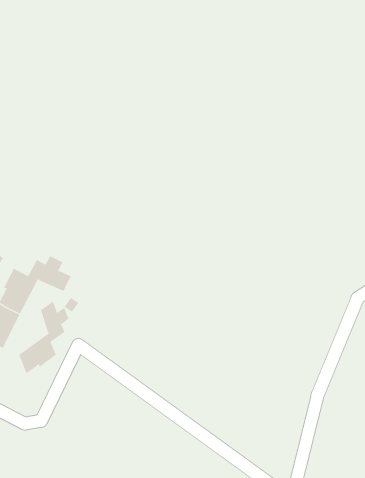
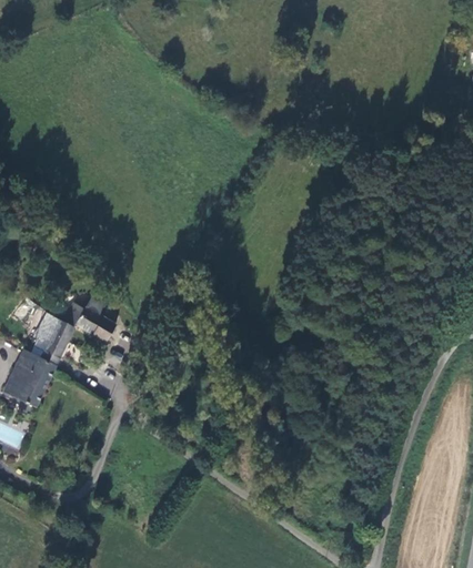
building: [19,301,69,374] -> none

